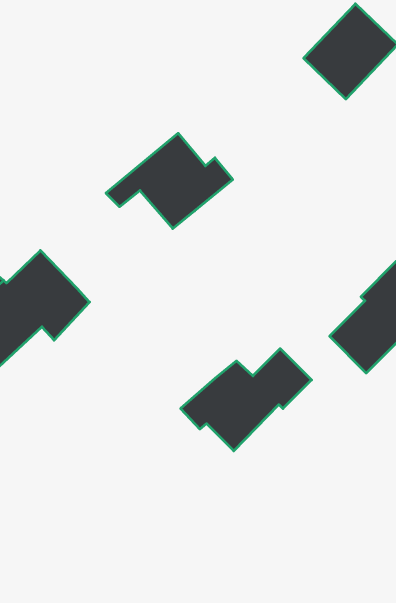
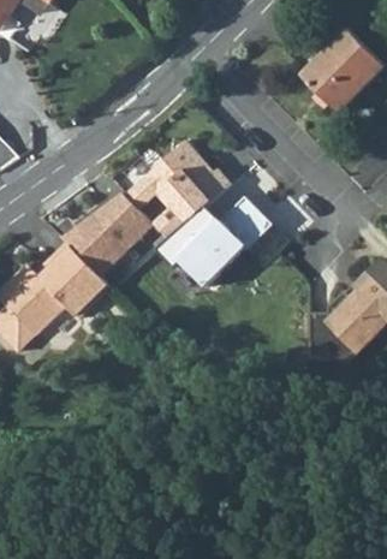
building: none -> [58,190,153,278]
building: [181,349,312,451] -> [151,198,267,289]

